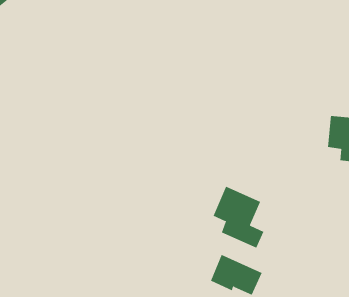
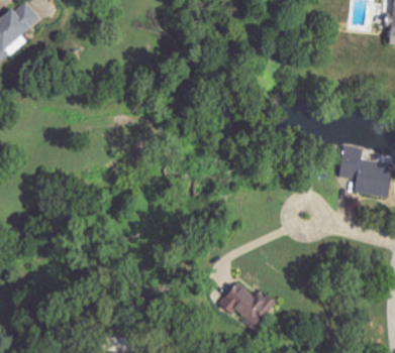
building: [213,186,264,249] -> none

